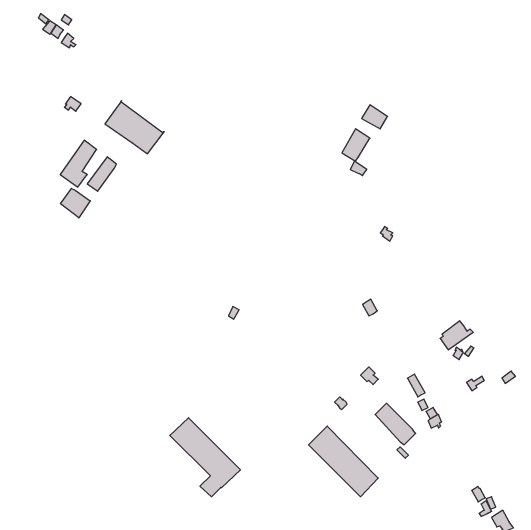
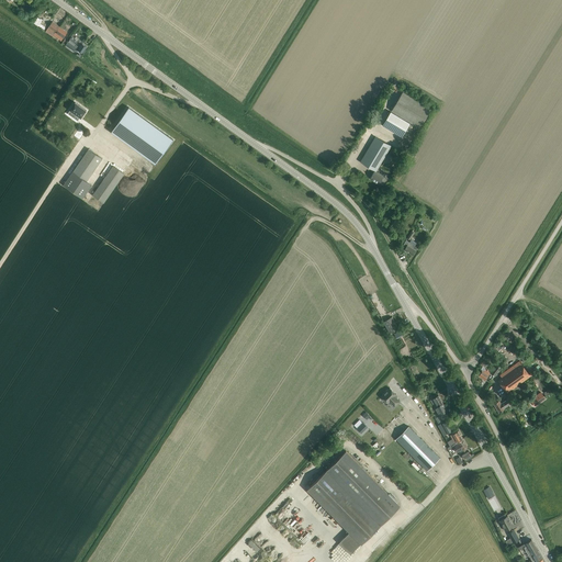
building: none -> [391,92,431,128]
building: [61,188,90,218] -> none
building: [440,321,473,350] -> [498,362,533,393]
building: [170,418,240,497] -> [306,471,381,554]

